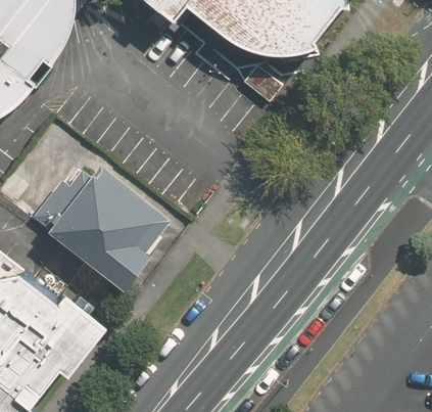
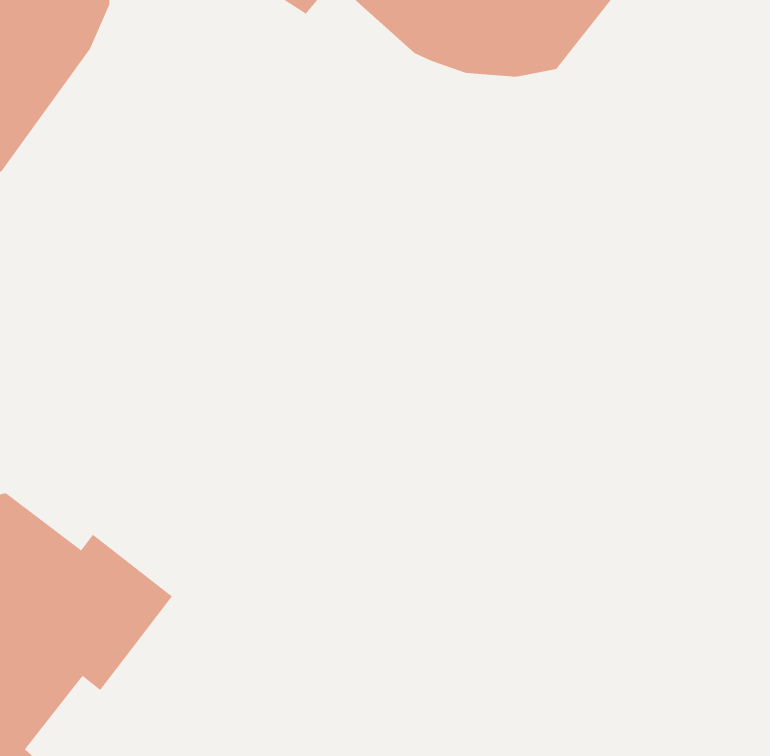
building: [33,168,171,291] -> none

